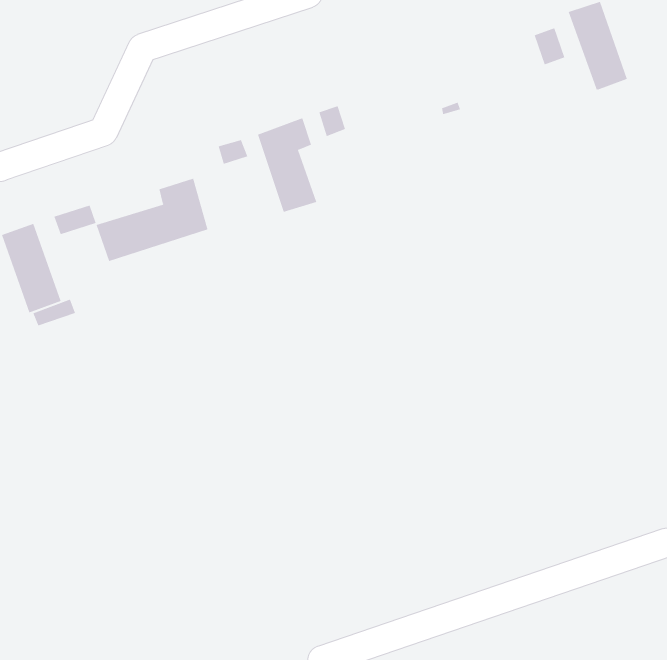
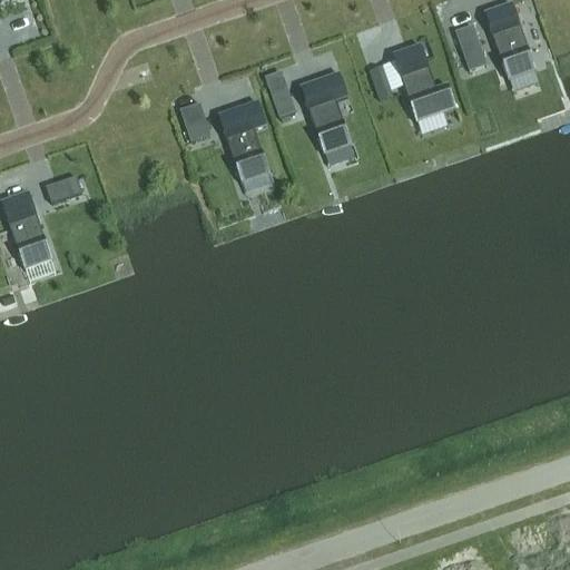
building: none -> [392,43,453,119]
building: none -> [299,71,351,151]
building: [96,178,208,262] -> none

